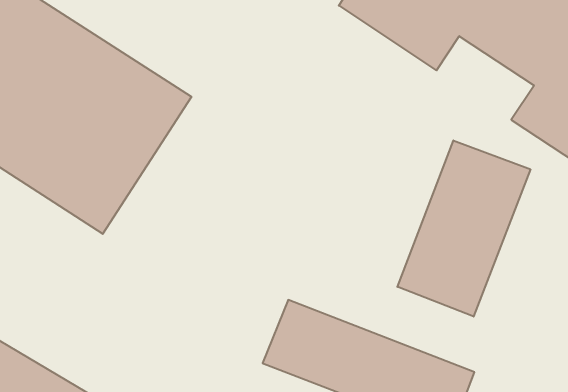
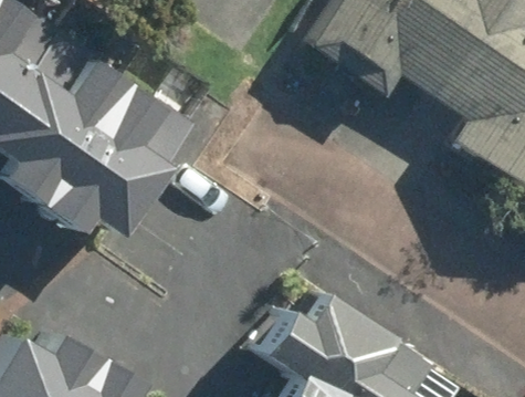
building: [397,140,530,317] -> none

